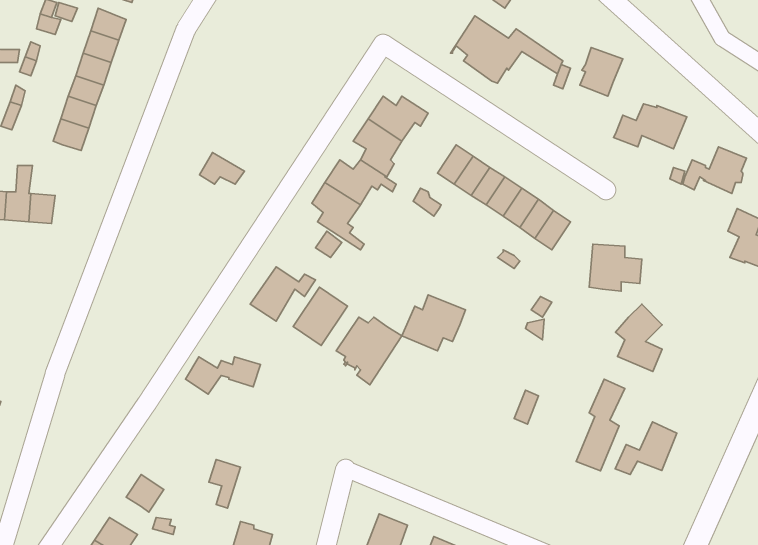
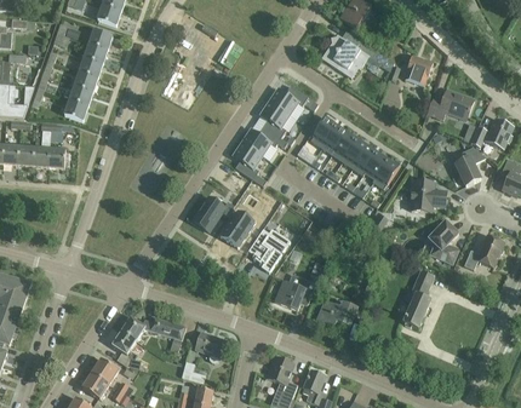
building: none -> [454,146,485,185]
building: [402,295,466,351] -> [274,274,315,310]
building: [186,357,261,394] -> [121,316,170,340]
building: [615,422,677,474] -> [463,235,503,269]
building: none -> [317,300,366,326]
building: none -> [195,332,225,363]

